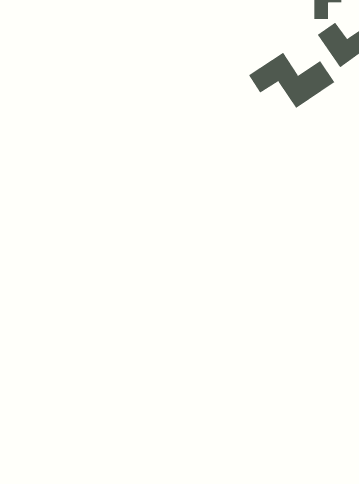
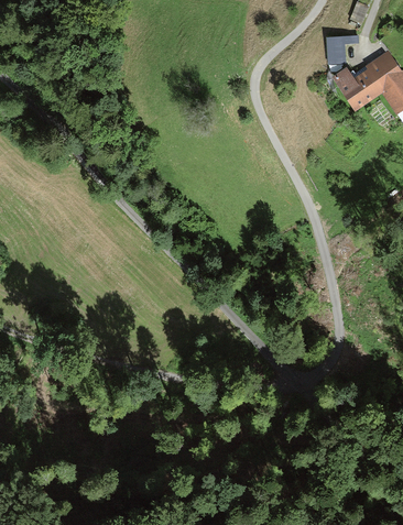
building: [248,52,335,109] -> none

